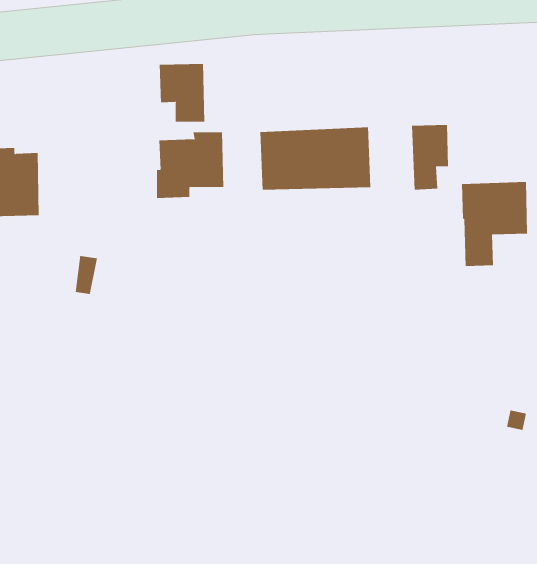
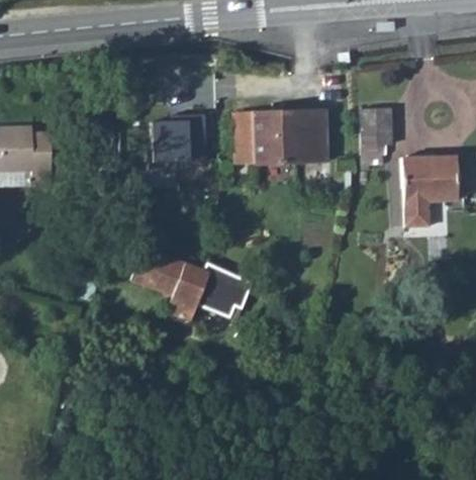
building: [159,63,205,122] -> none
building: none -> [130,247,252,319]

